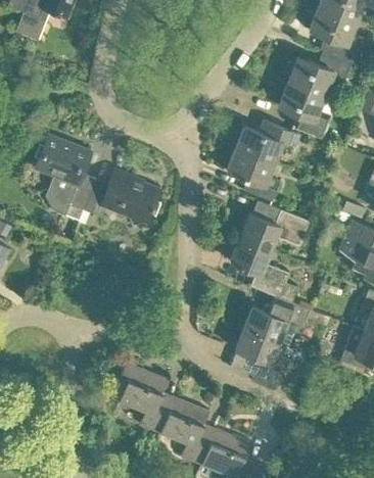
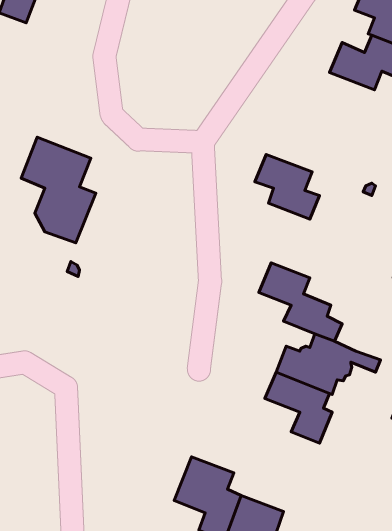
building: [278,82,330,139] -> none
building: [235,122,297,163] -> none
building: [79,171,159,226] -> none
building: [239,201,309,250] -> none
building: [111,363,174,434] -> none

